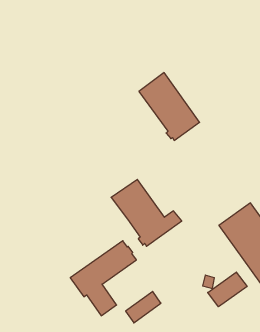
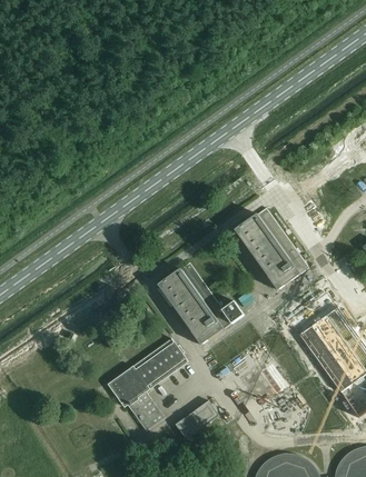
building: [139,73,200,140] -> [234,207,308,290]
building: [208,272,247,307] -> none

